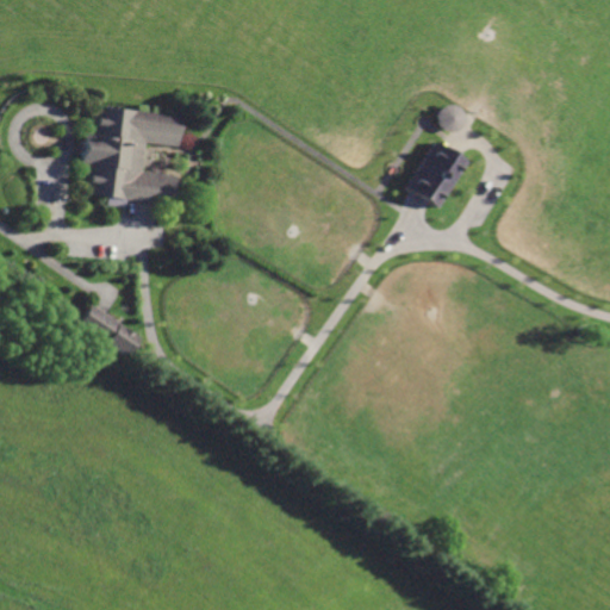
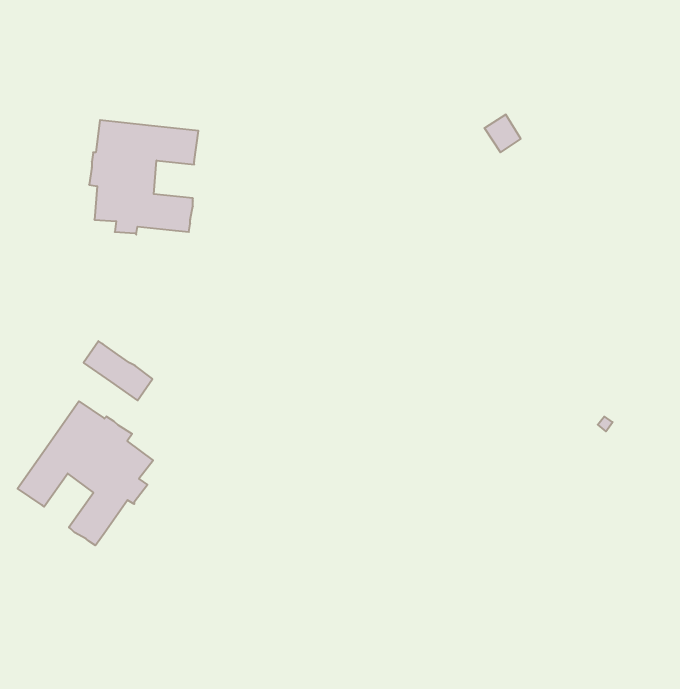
building: [407,141,468,207] -> none
building: none -> [18,401,153,545]

